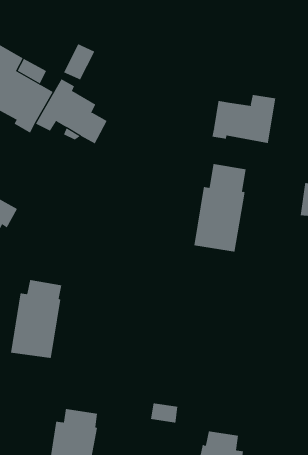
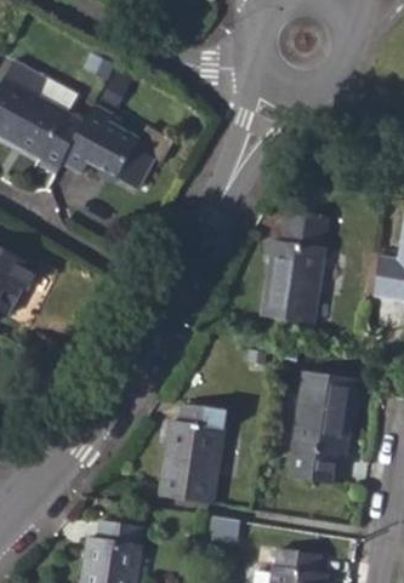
building: [212,94,276,144] -> none
building: [10,279,62,359] -> [158,404,223,503]
building: none -> [290,371,355,484]

